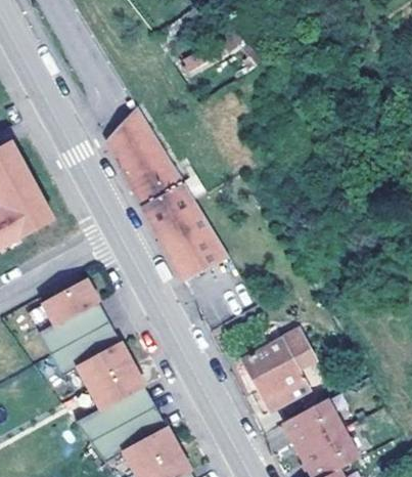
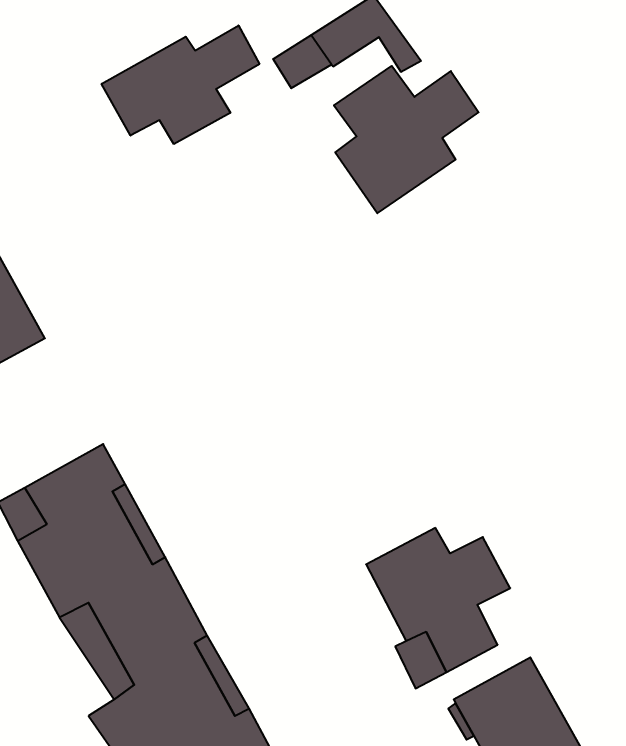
building: none -> [102,25,259,144]
building: none -> [334,66,479,213]
building: [107,123,229,284] -> none

